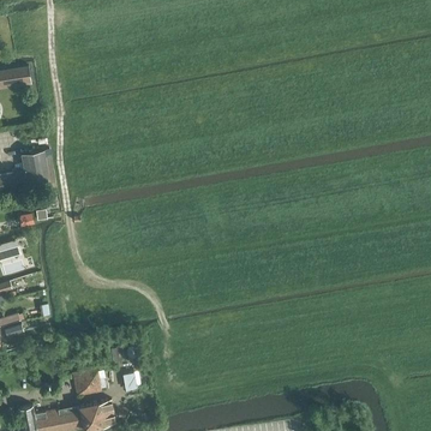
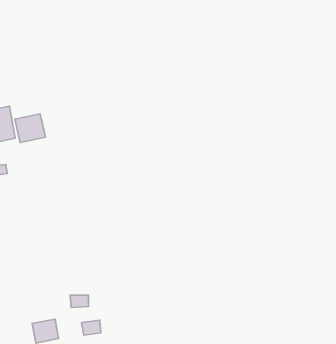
building: none -> [15,114,46,142]

